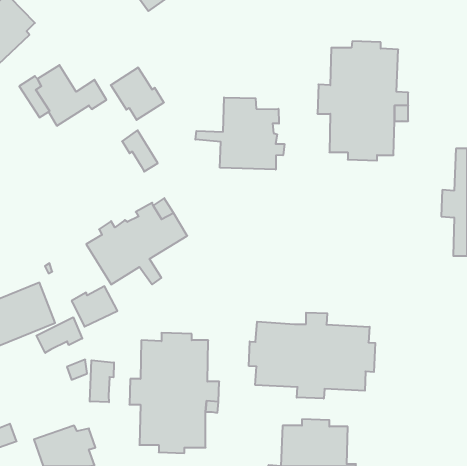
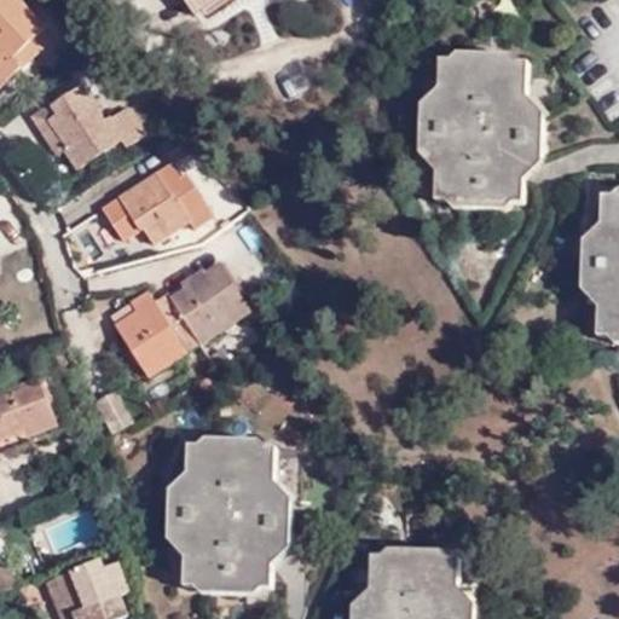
building: [111,68,164,120] -> [116,173,186,242]
building: [195,97,284,170] -> none
building: [249,313,375,399] -> none
building: [36,317,82,353] -> none
building: [90,360,114,402] -> none

